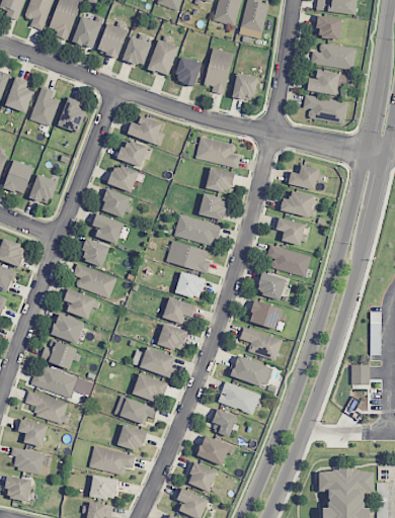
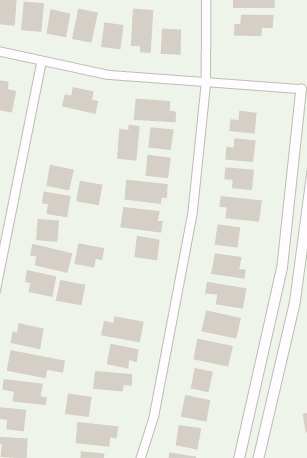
building: [303,95,347,123] -> none
building: [117,139,148,167] -> none
building: none -> [116,124,140,162]
building: [107,164,138,192] -> [75,180,103,206]
building: [162,296,195,324] -> [74,243,105,268]
building: [51,314,84,343] -> [55,279,86,306]
building: [157,324,187,352] -> none
building: [116,424,147,451] -> [64,393,92,418]

